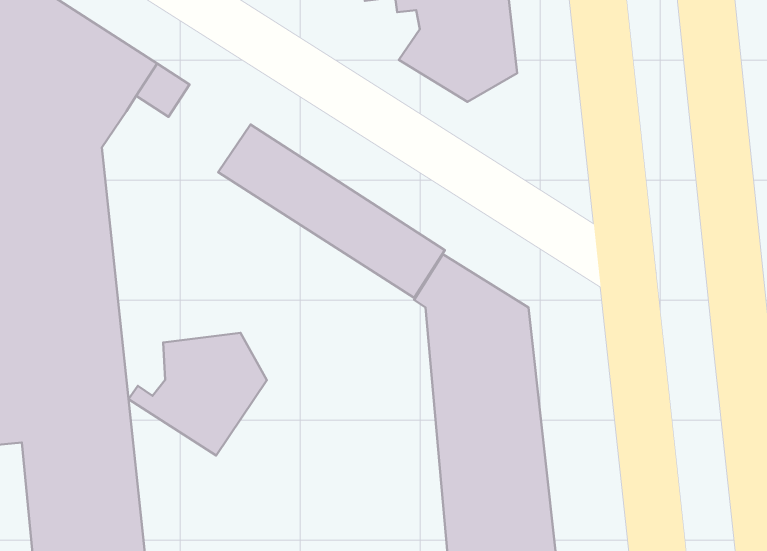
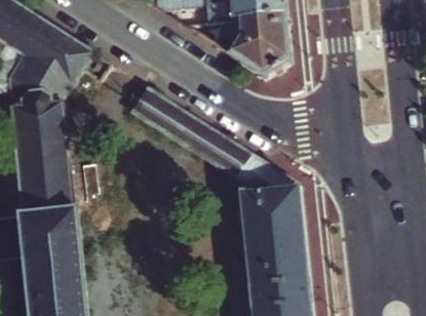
building: [129,333,267,455] -> none

